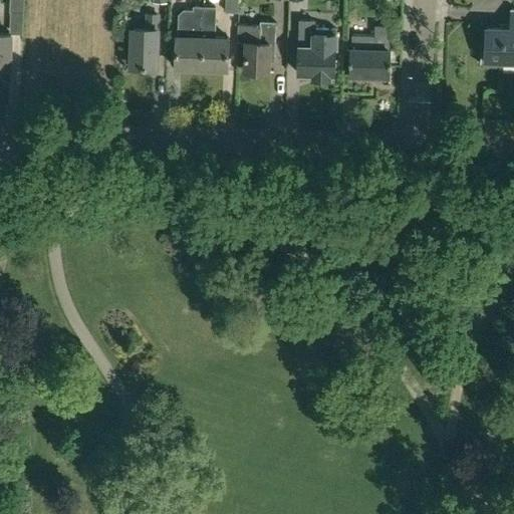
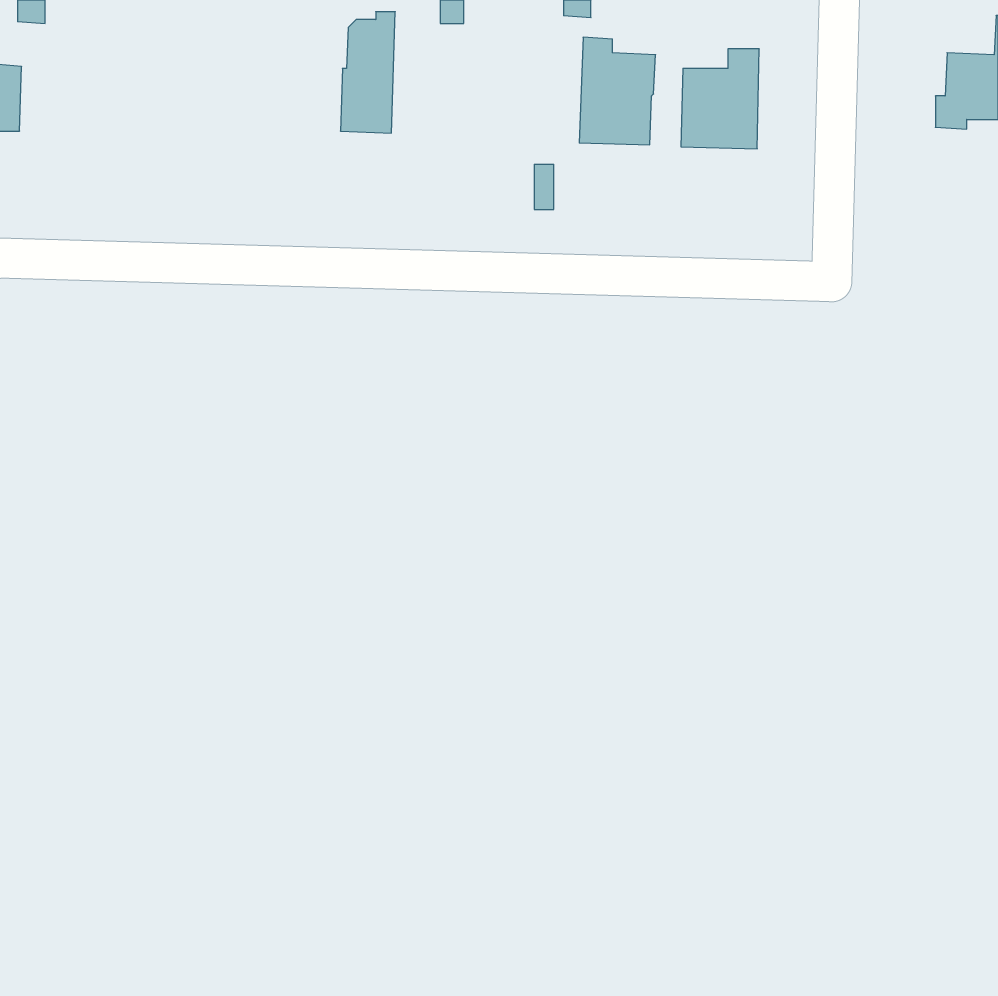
building: [201,8,228,71] -> none
building: [131,16,157,69] -> none
building: [237,23,275,73] -> none

